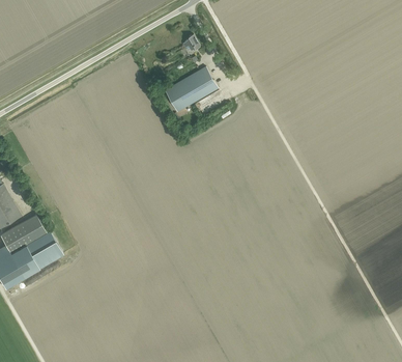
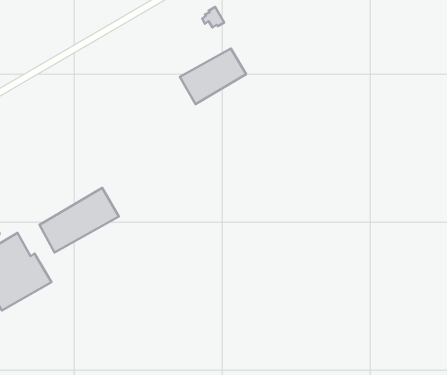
building: none -> [39,188,119,253]

